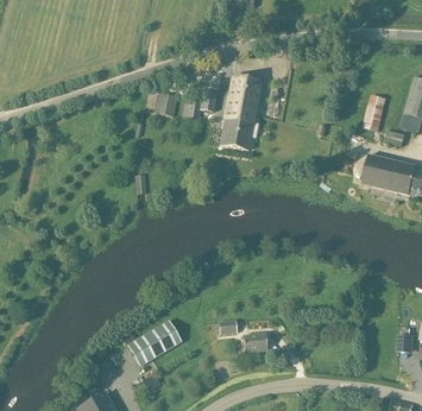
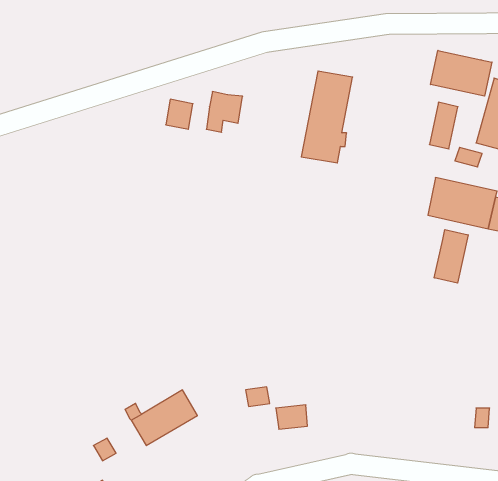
building: none -> [431,50,492,96]
building: [220,77,260,150] -> [301,71,353,163]
building: none -> [434,230,468,283]

